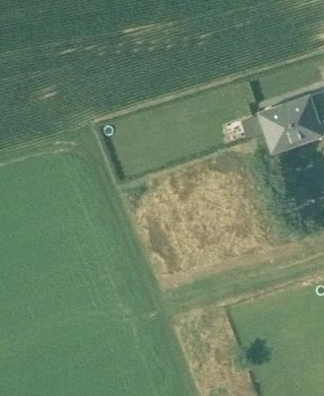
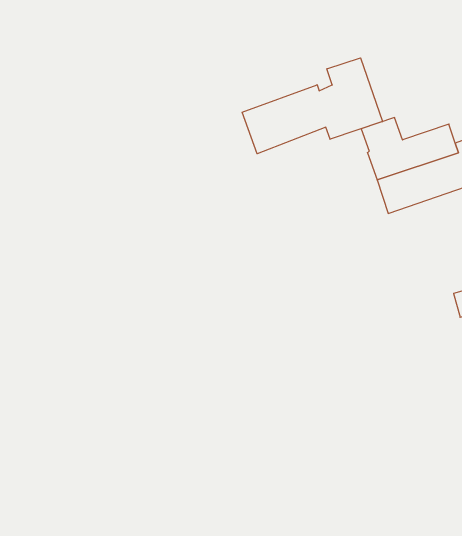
building: none -> [242,58,383,154]

